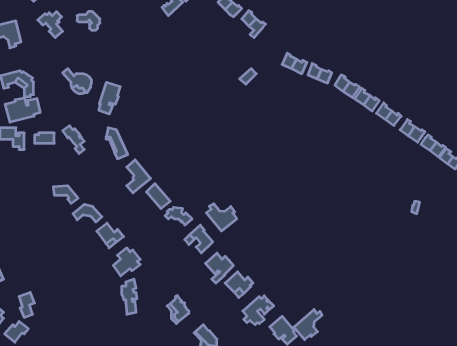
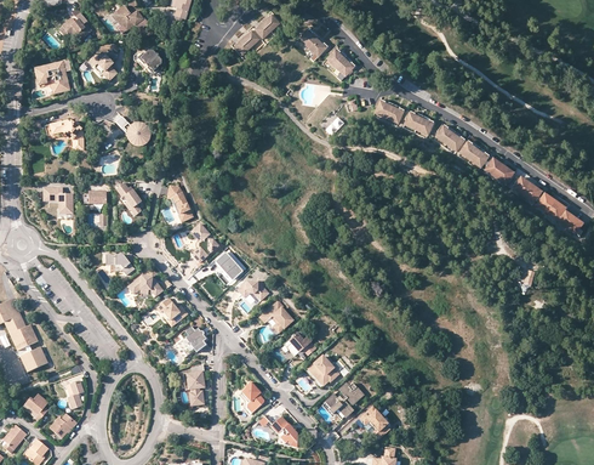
building: [99,82,120,114] -> none
building: [5,98,40,122] -> none
building: [206,204,237,231] -> none
building: [294,309,322,340] -> none

